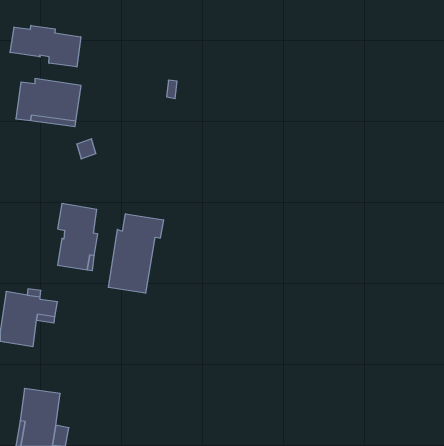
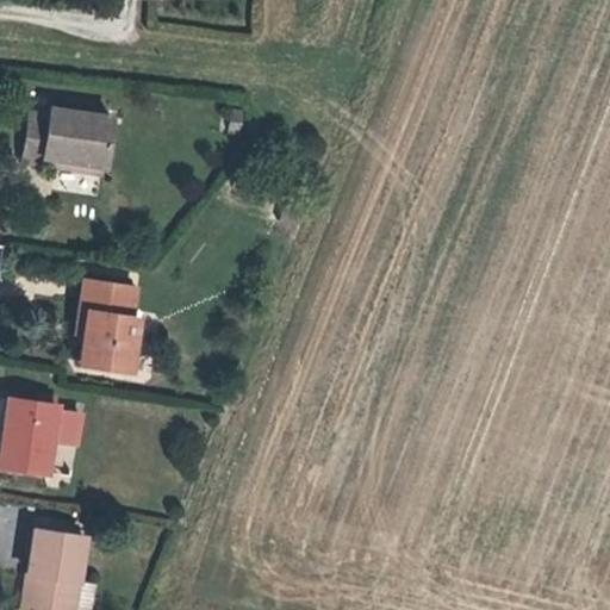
building: [10,25,81,67] -> none
building: [108,214,163,293] -> none

